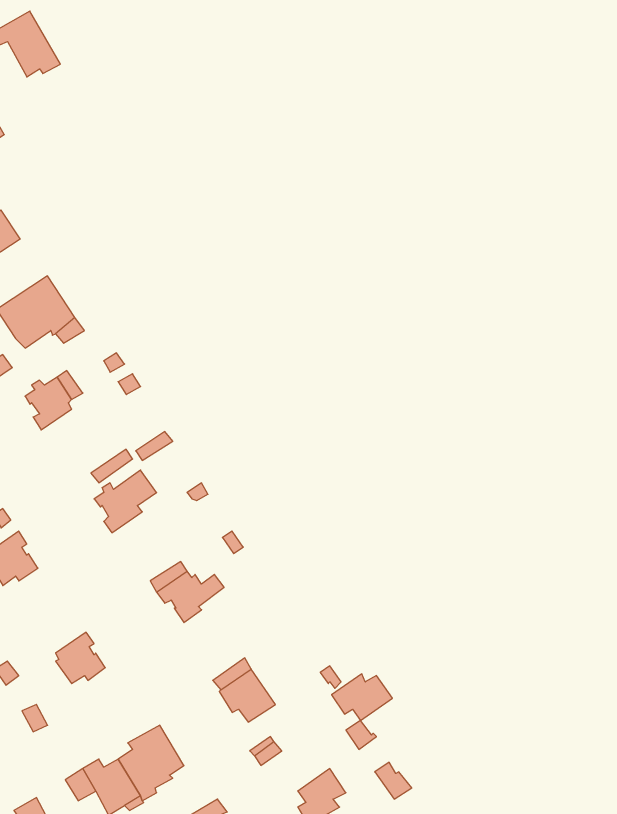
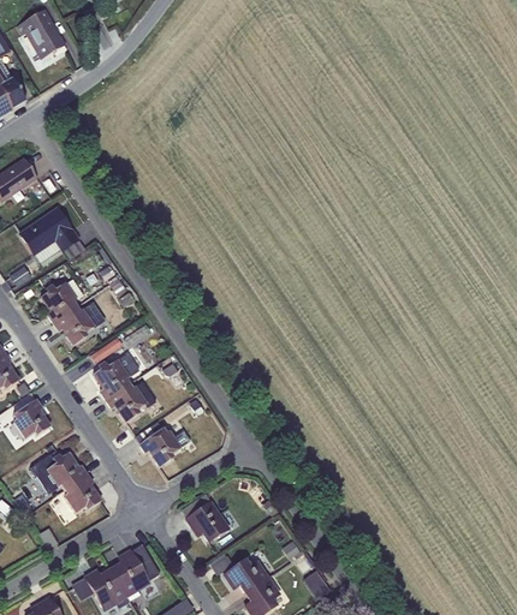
building: none -> [53,300,106,345]
building: none -> [106,381,156,422]
building: none -> [30,452,87,492]
building: [332,674,392,720] -> [224,557,269,592]

